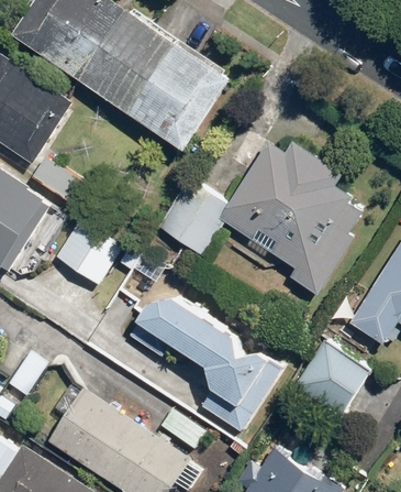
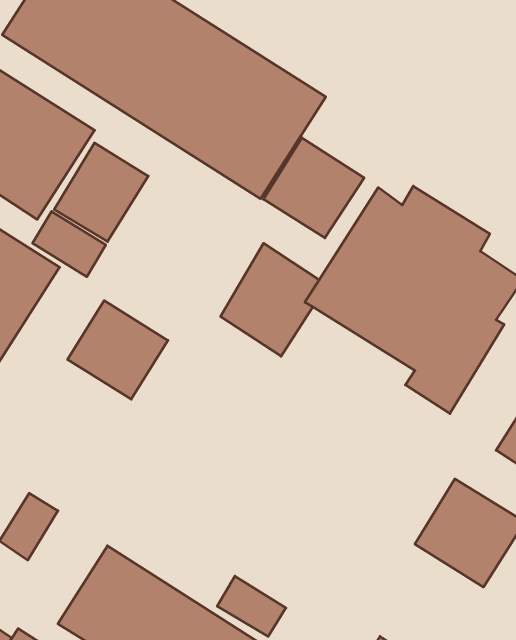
building: none -> [263,138,364,238]
building: none -> [54,143,148,242]
building: [122,288,281,437] -> none

